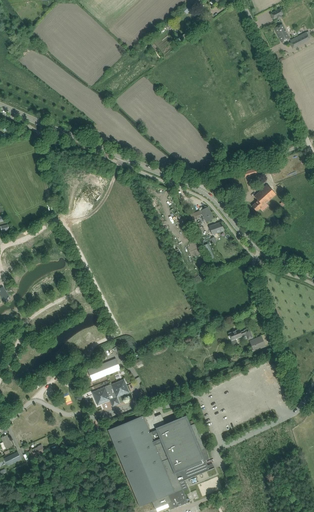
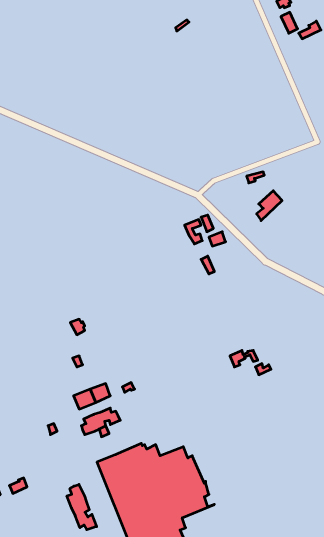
building: none -> [67,484,97,530]

